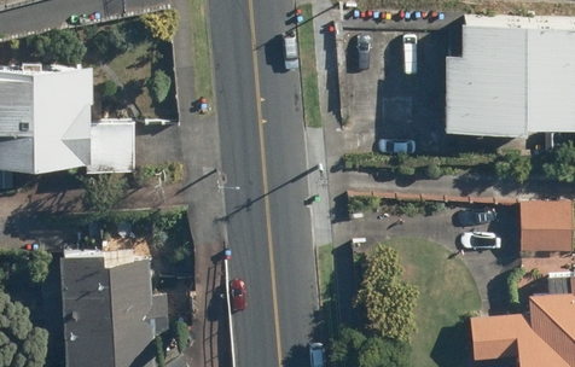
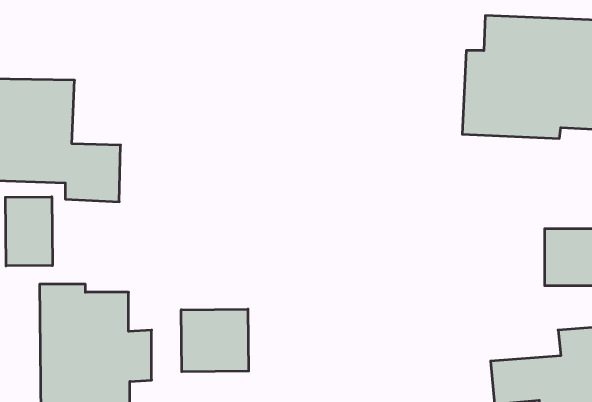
building: none -> [5,197,52,266]
building: none -> [181,309,249,372]

